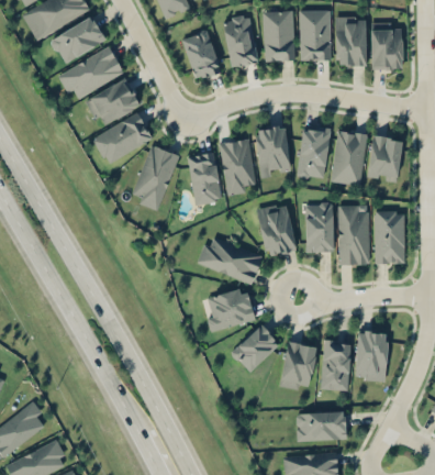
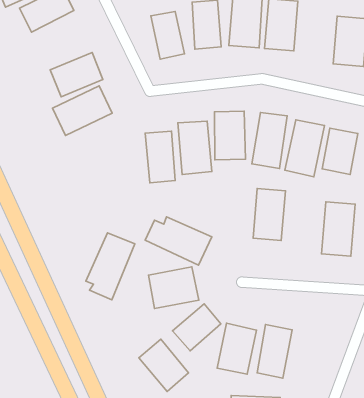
building: [335,16,366,65] -> none
building: [58,47,124,101] -> none
building: [132,144,178,211] -> [86,233,135,300]
building: [256,203,295,256] -> none
building: [338,205,368,265] -> none
building: [354,330,387,382] -> none
building: none -> [139,339,188,391]

